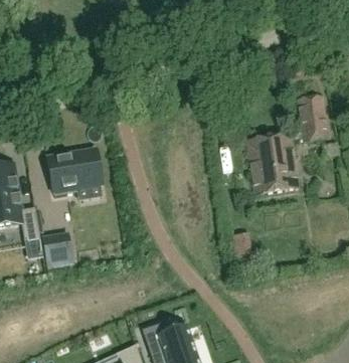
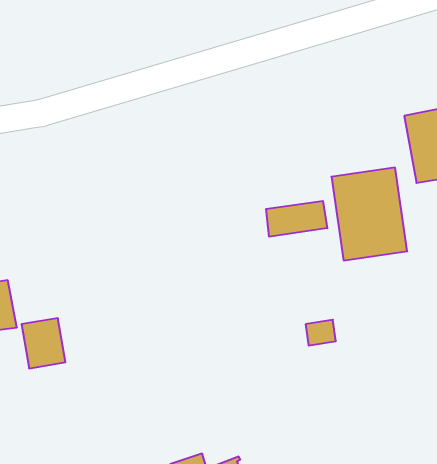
building: [48,149,102,195] -> none
building: none -> [266,201,327,237]

